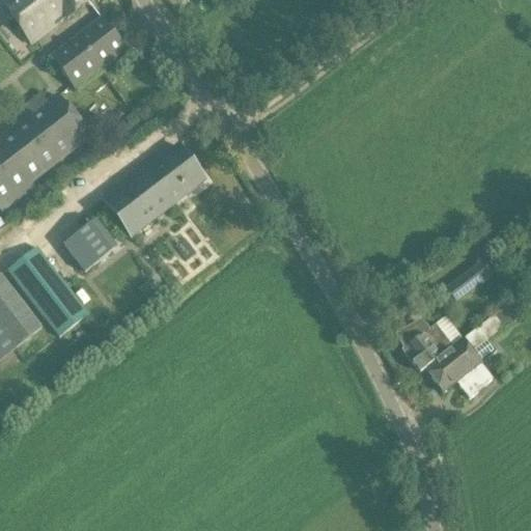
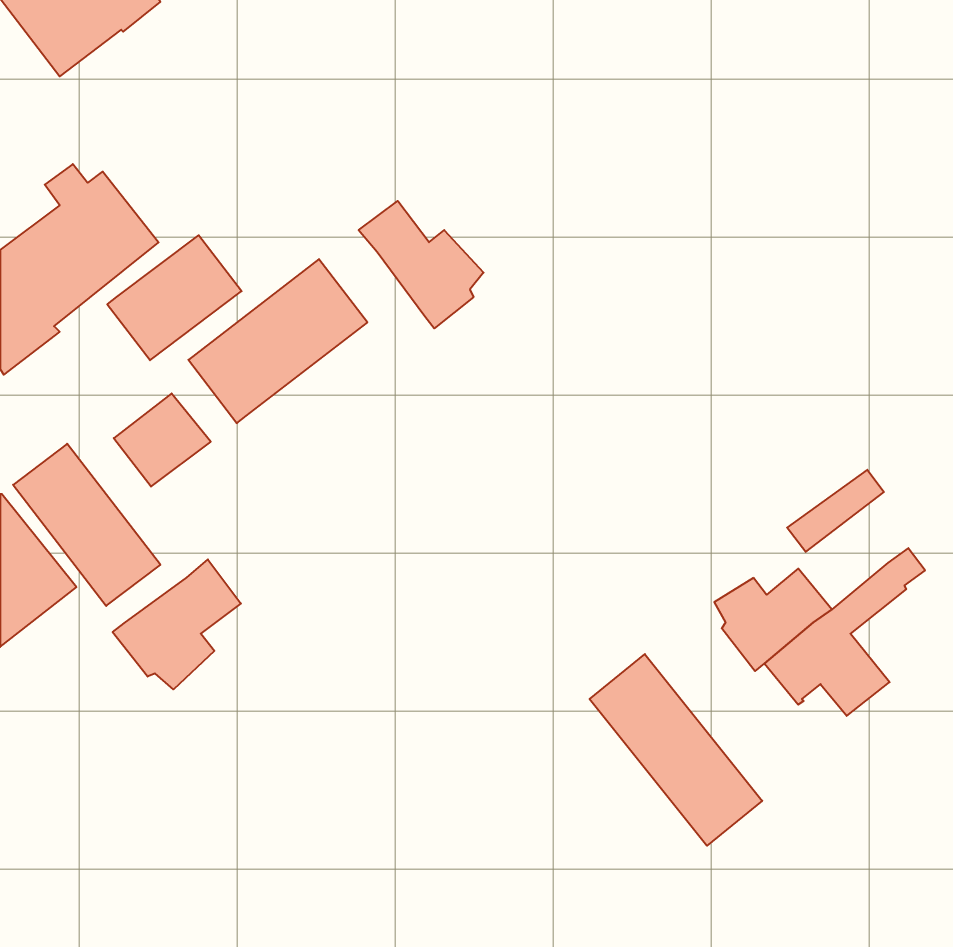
building: [51,18,125,87] -> [107,235,242,360]
building: none -> [359,201,484,328]
building: none -> [113,559,241,689]
building: none -> [590,654,762,846]

